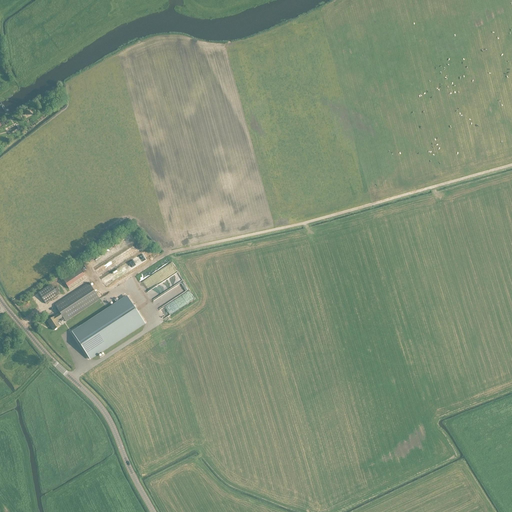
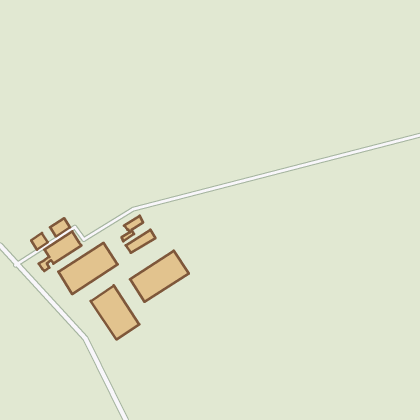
building: none -> [130,251,189,302]
building: none -> [91,285,139,339]

